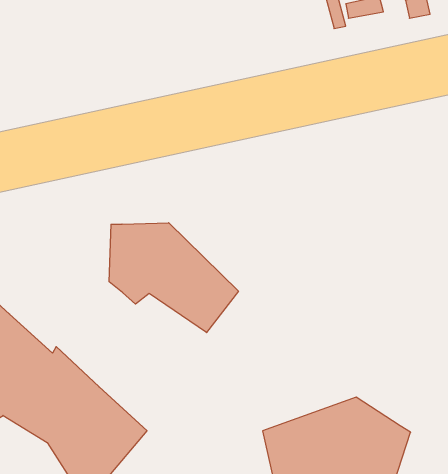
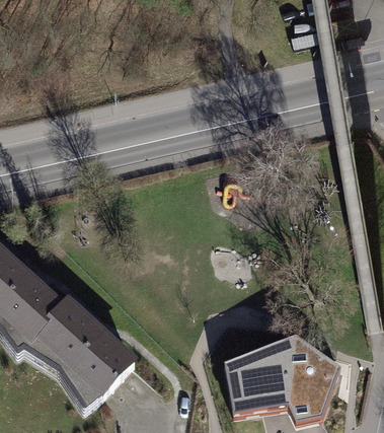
building: [109,223,238,333] -> none

